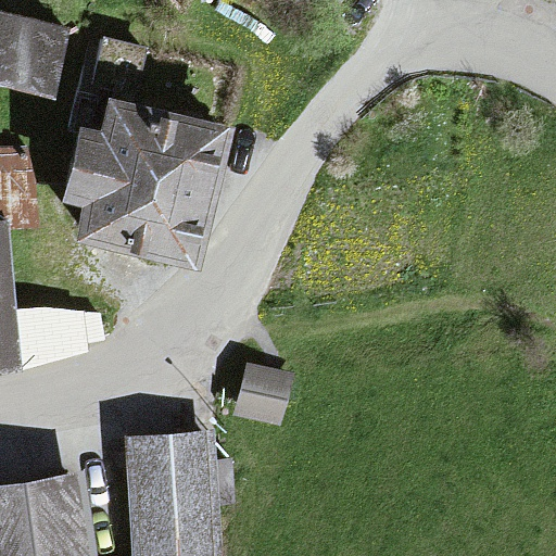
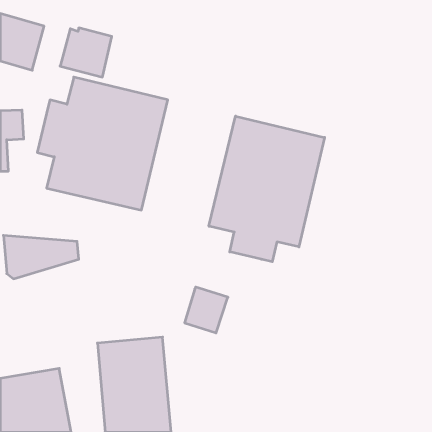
building: none -> [209,116,325,262]

